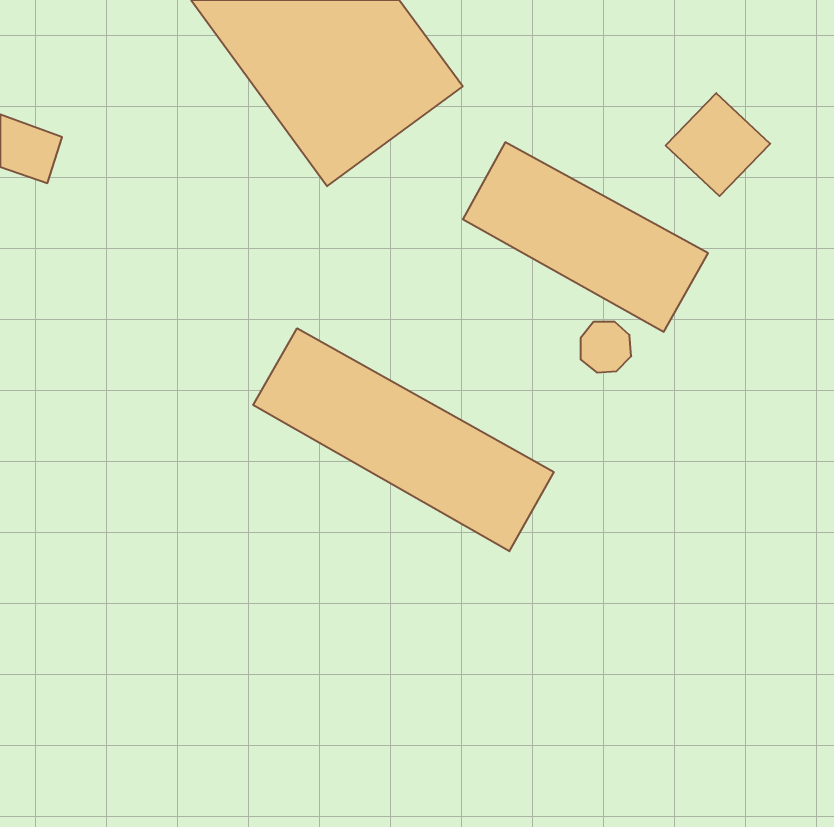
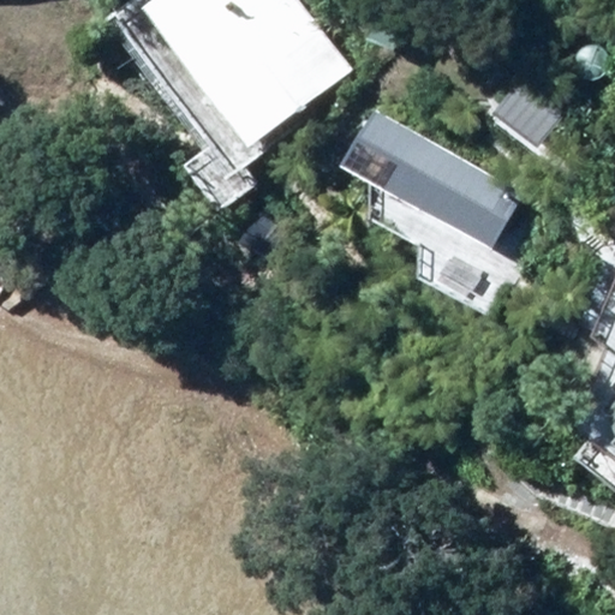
building: [253,328,554,551] -> none

